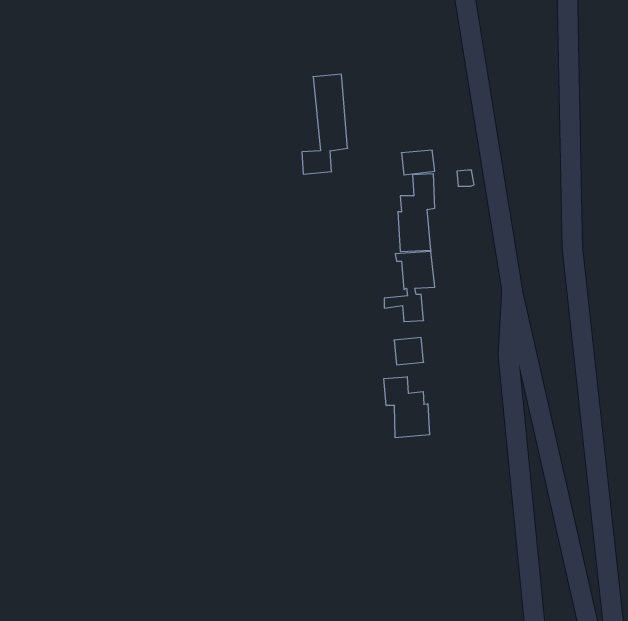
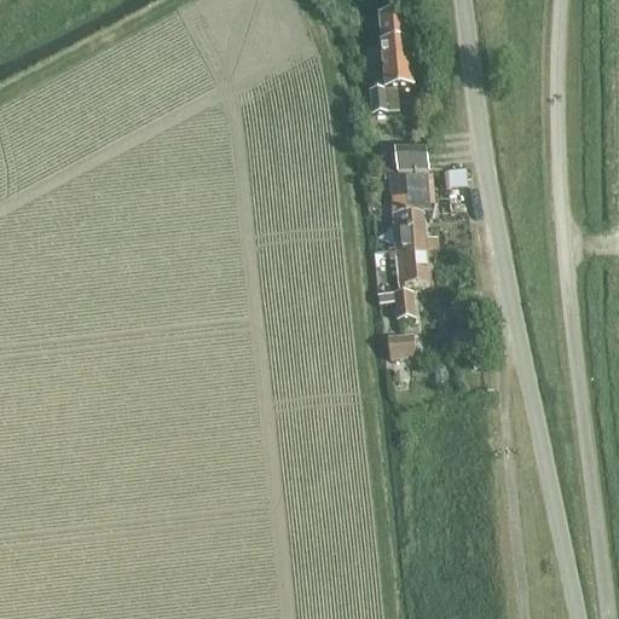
building: [302,74,348,174] -> [368,12,412,110]
building: [384,377,429,438] -> none

